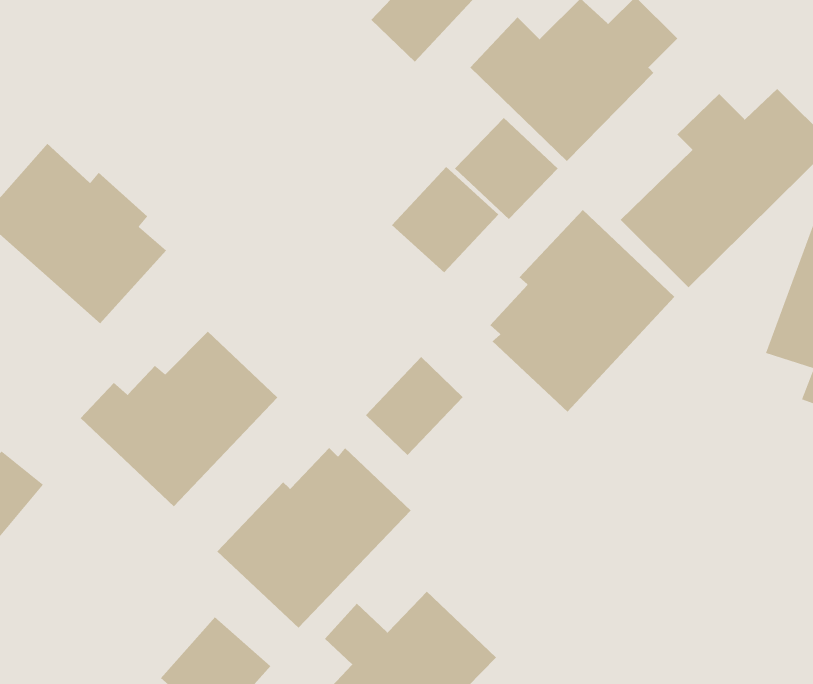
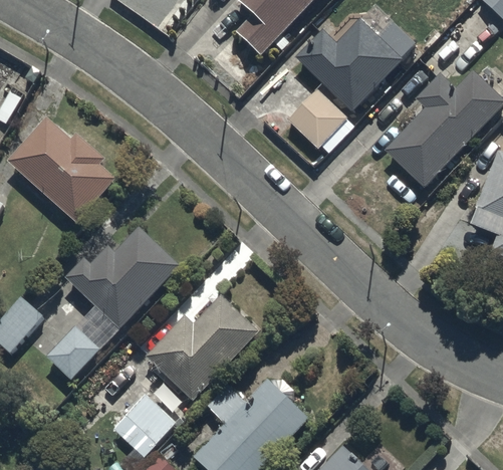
building: [391,166,499,273] -> none
building: [489,209,675,413] -> none
building: [365,356,463,456] -> none
building: none -> [45,321,99,378]

